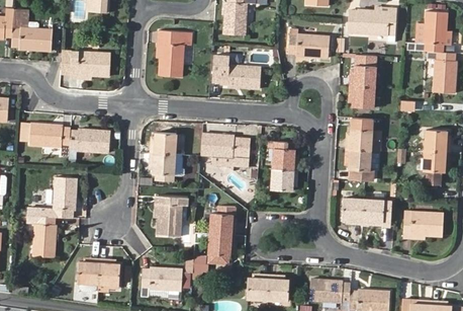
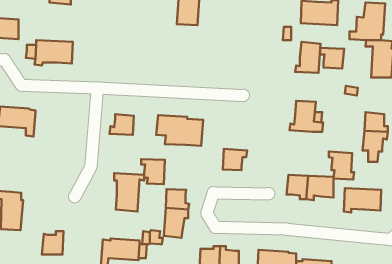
building: [157,27,184,77] -> none
building: [288,29,330,59] -> none
building: [212,56,262,90] -> none
building: [349,86,375,108] -> [320,48,344,68]
building: [68,129,110,158] -> none
building: [273,142,298,171] -> none
building: [344,149,371,179] -> [329,151,354,180]
building: [150,153,175,180] -> [141,159,165,184]
building: [43,177,77,218] -> none
building: [99,258,120,285] -> none

